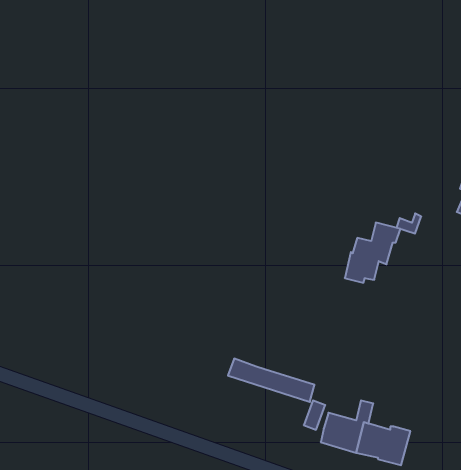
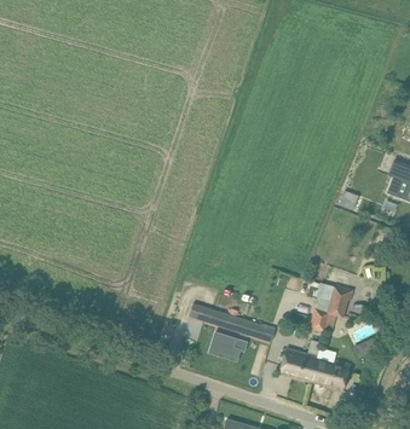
building: [345,223,400,283] -> [310,285,353,332]
building: none -> [208,332,246,361]

